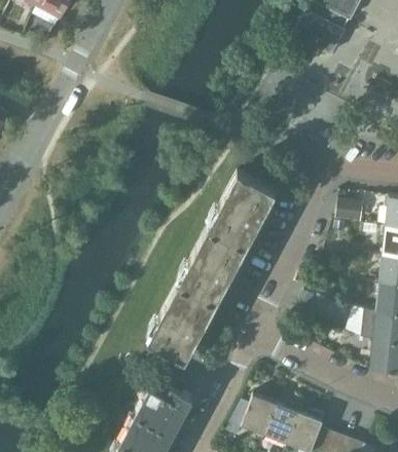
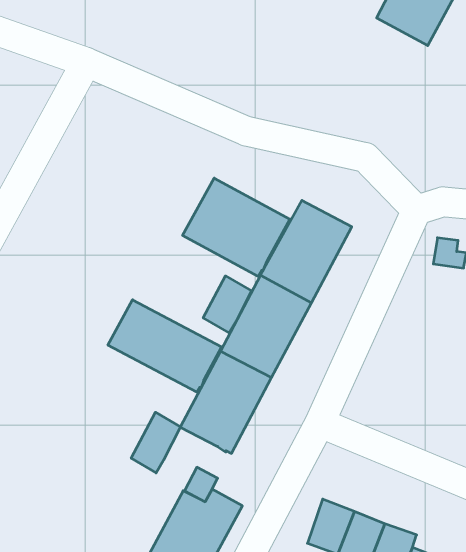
building: none -> [183,178,290,276]
building: none -> [203,276,251,333]
building: none -> [108,300,222,392]
building: none -> [131,412,180,473]

